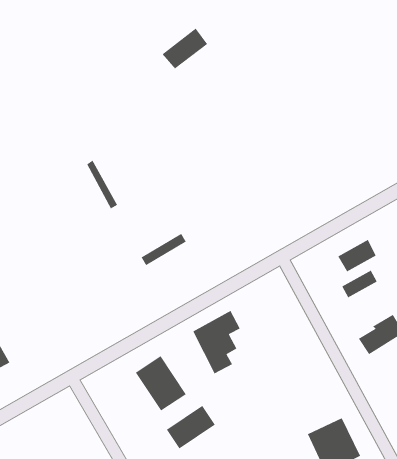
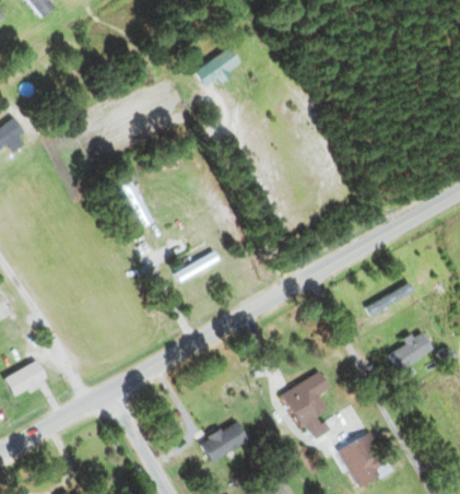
building: [337,239,377,273] -> none
building: [192,310,241,374] -> [283,372,331,435]
building: [135,355,187,412] -> none

